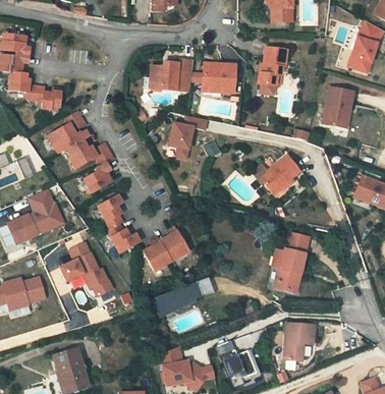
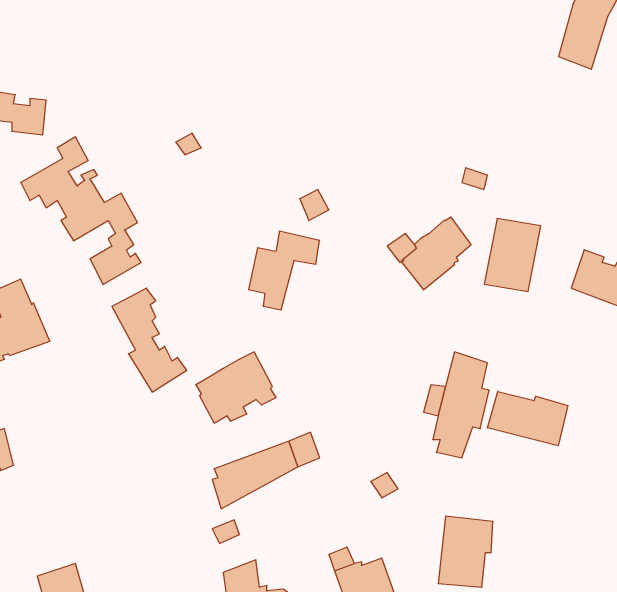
building: [258,48,287,85] -> none
building: [149,58,194,94] -> none
building: [204,62,236,95] -> none
building: [322,88,353,128] -> [484,218,541,291]
building: [167,115,207,159] -> [249,231,320,310]
building: [60,246,112,300] -> none
building: none -> [487,391,568,446]

